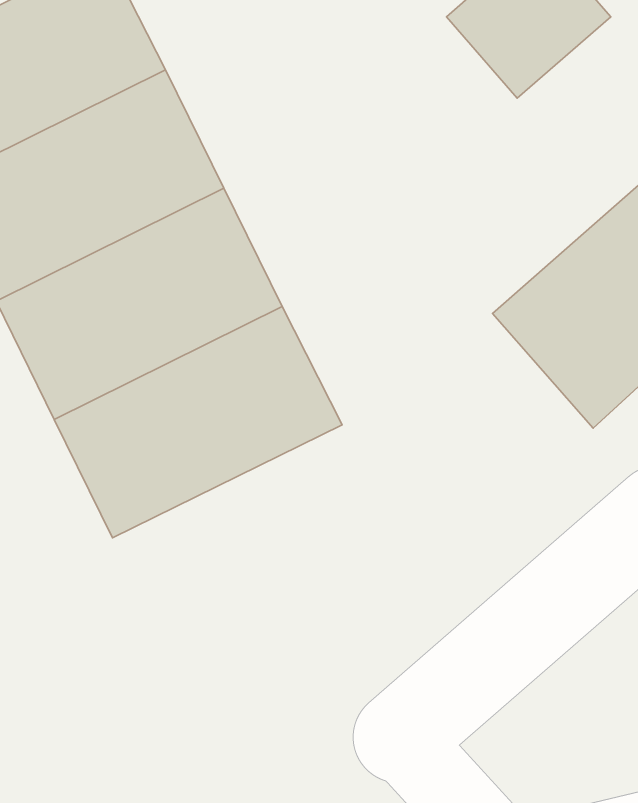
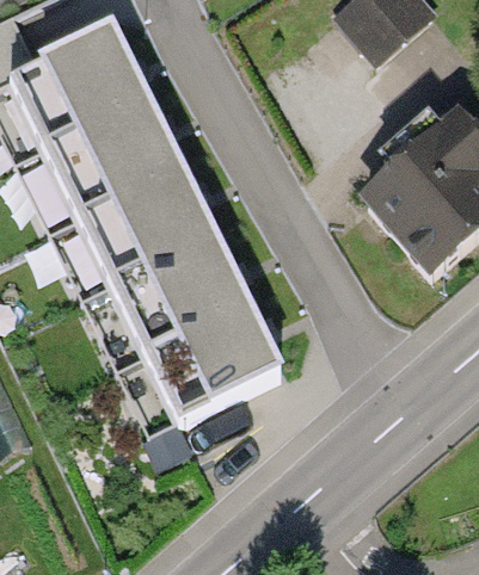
building: none -> [103,290,297,446]

